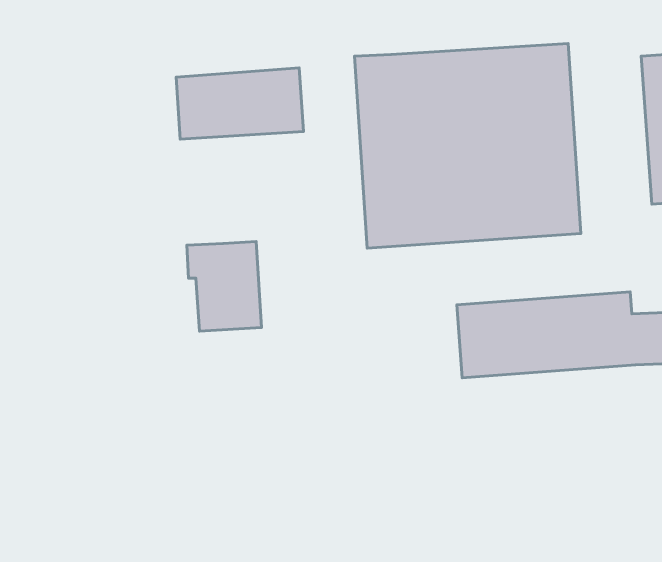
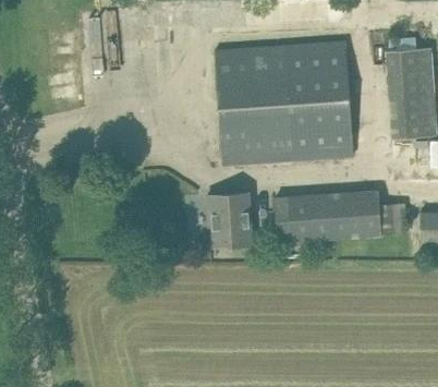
building: [176,68,303,139] -> none
building: [187,242,262,331] -> [207,193,252,246]

